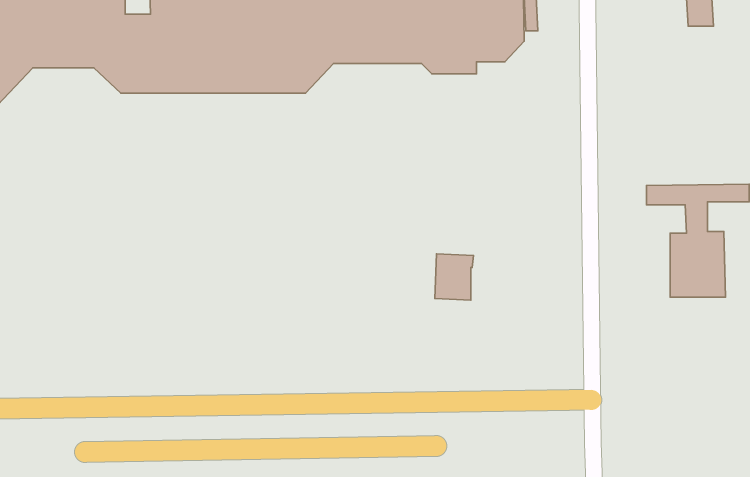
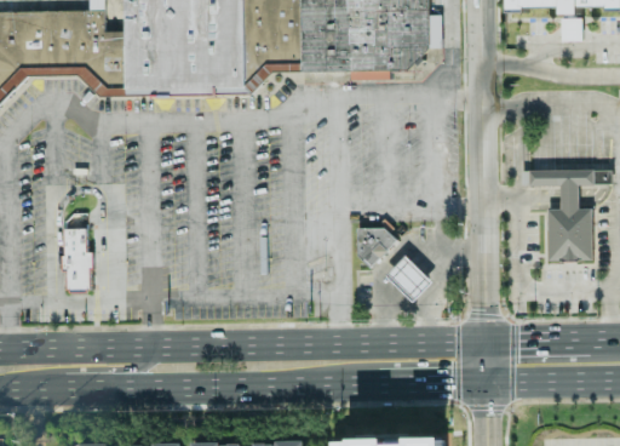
building: none -> [62,228,91,296]
building: none -> [384,256,431,302]

